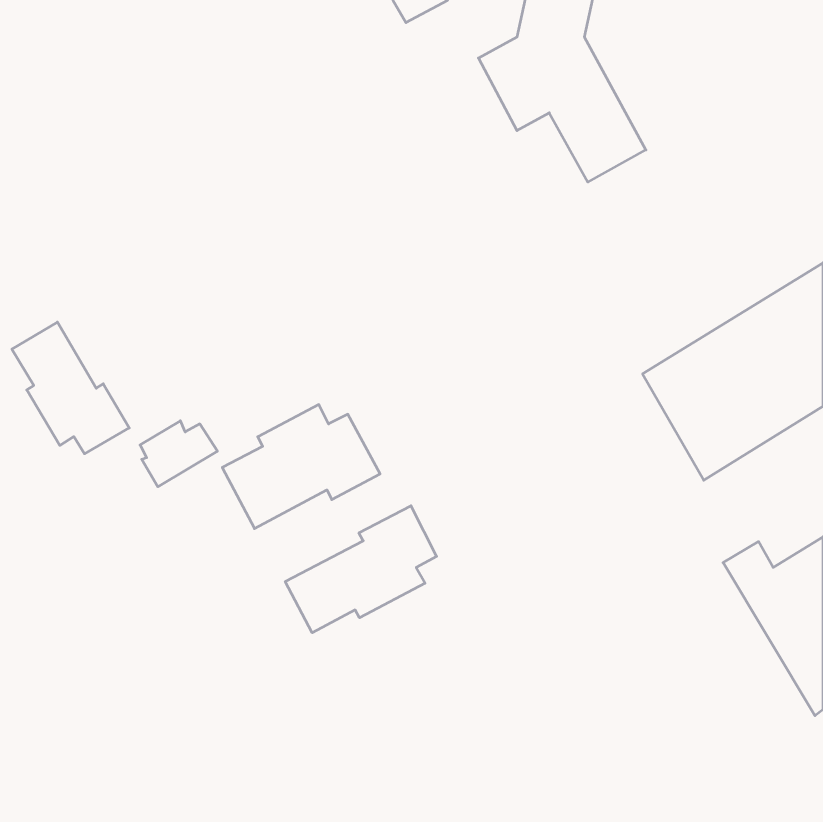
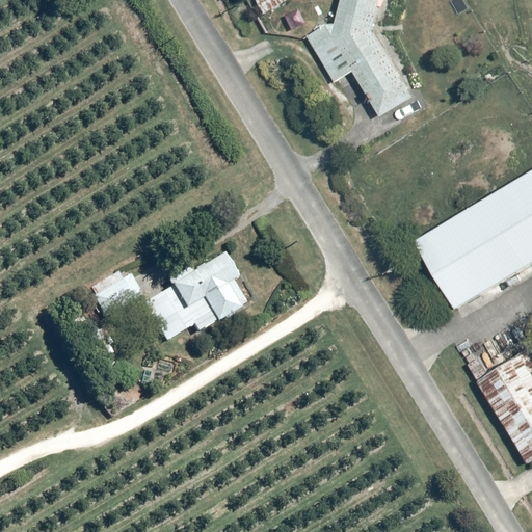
building: [12,322,129,454] -> none
building: [285,506,437,633] -> none

